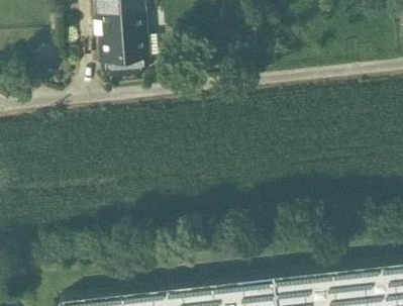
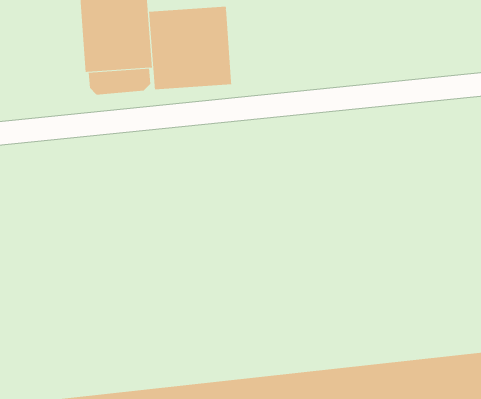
building: none -> [149,6,232,90]

